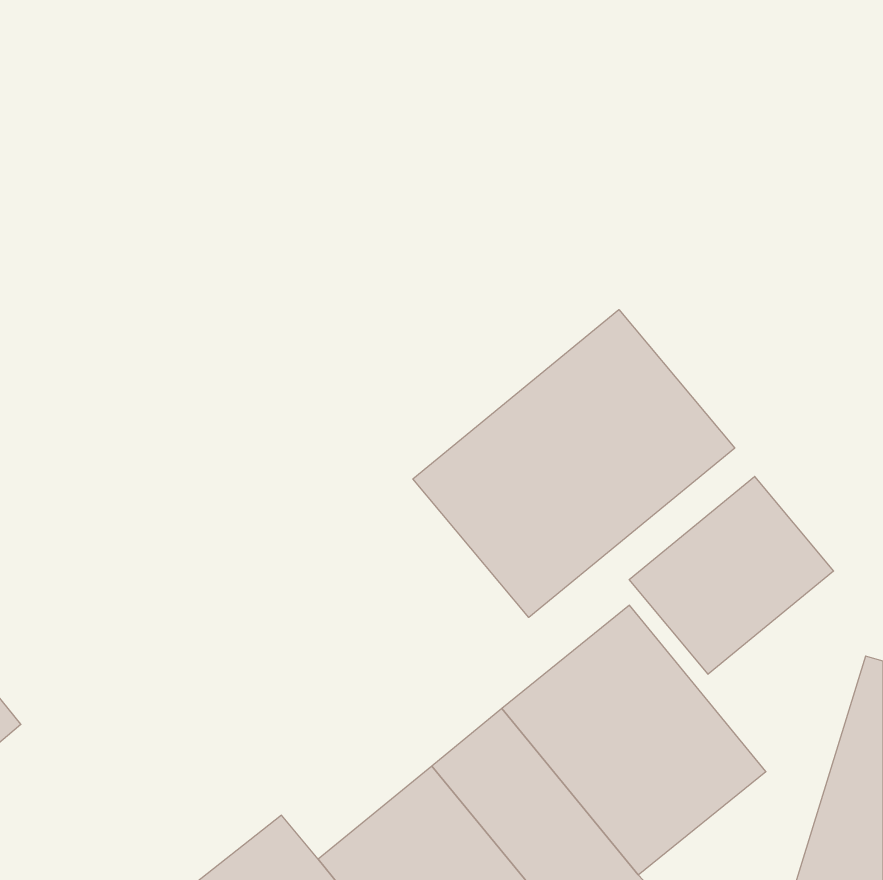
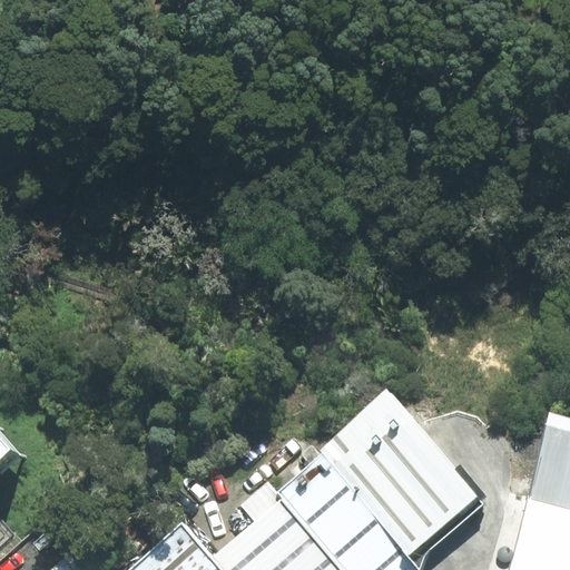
building: [413,310,735,617] -> none
building: [629,476,834,674] -> none

